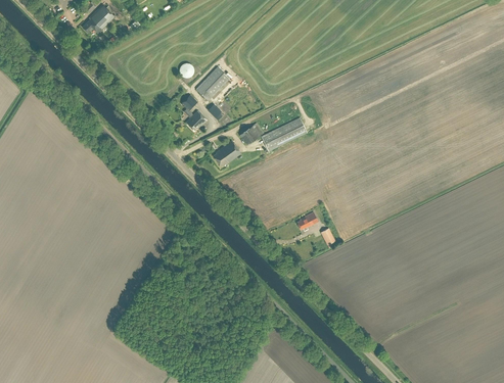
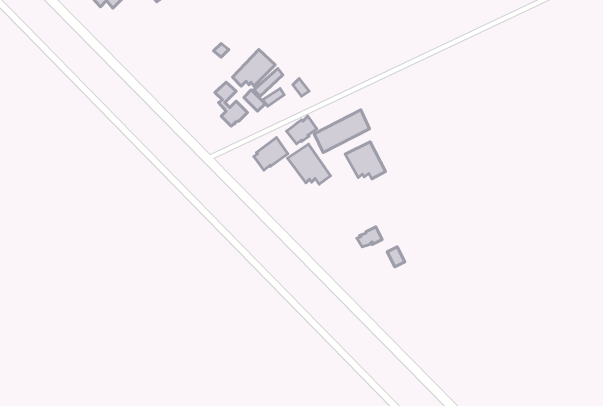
building: none -> [345,142,386,179]
building: none -> [288,144,331,184]

